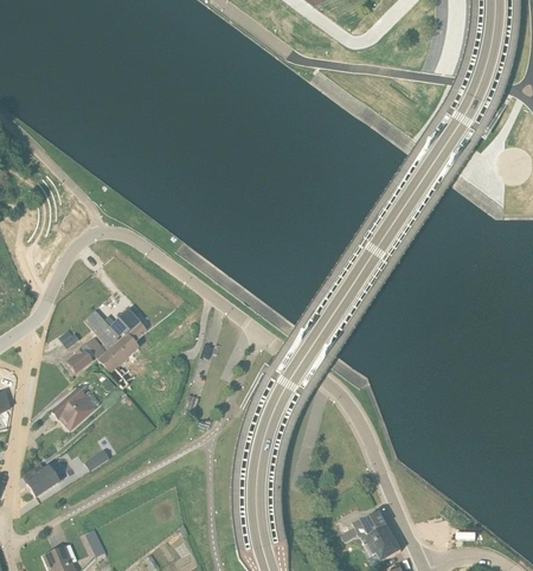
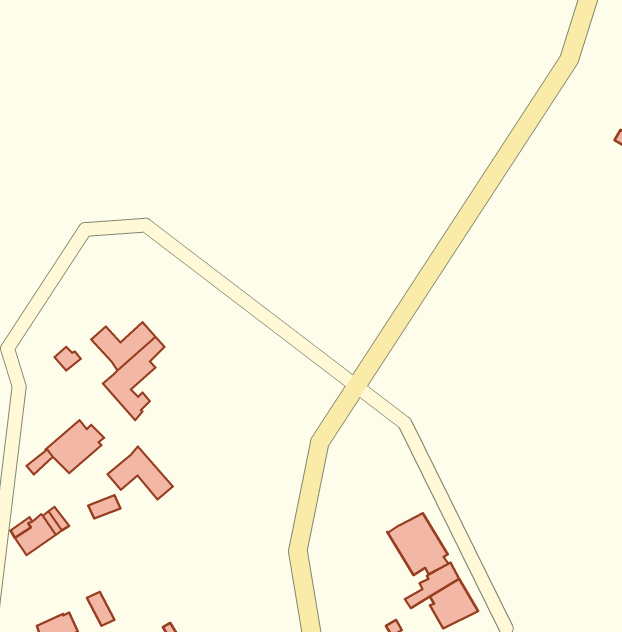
building: [65,338,104,373] -> none
building: none -> [107,447,173,500]
building: none -> [387,513,448,575]

